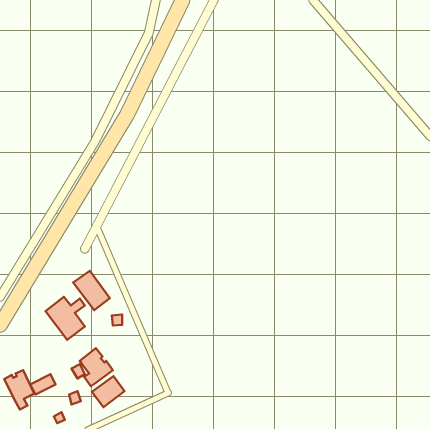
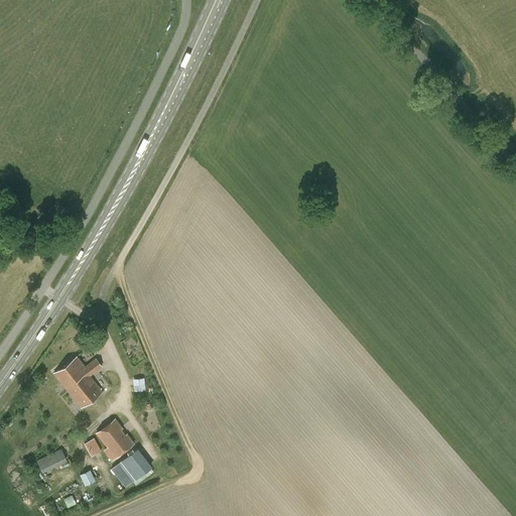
building: [73,271,110,310] -> none
building: [4,370,34,410] -> none

